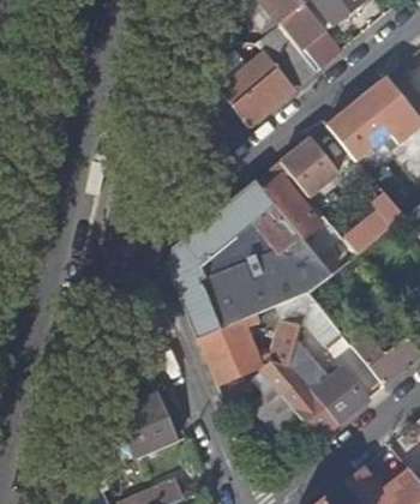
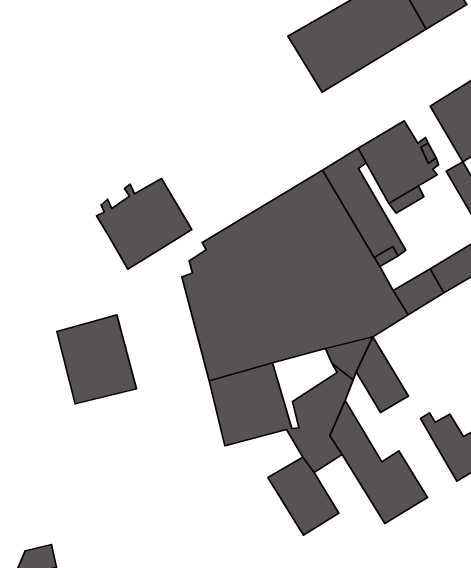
building: none -> [97,179,192,269]
building: [286,378,341,438] -> none
building: [118,391,180,458] -> [57,315,137,404]

